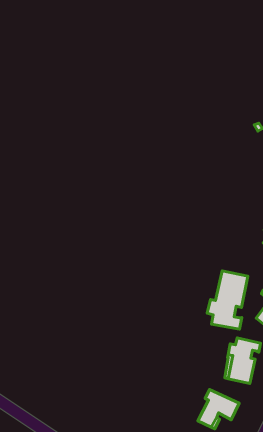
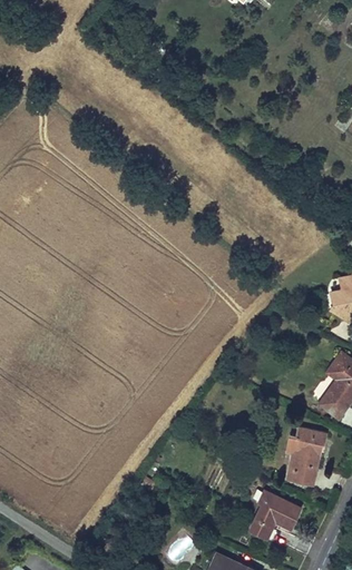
building: [207,271,248,329] -> none

